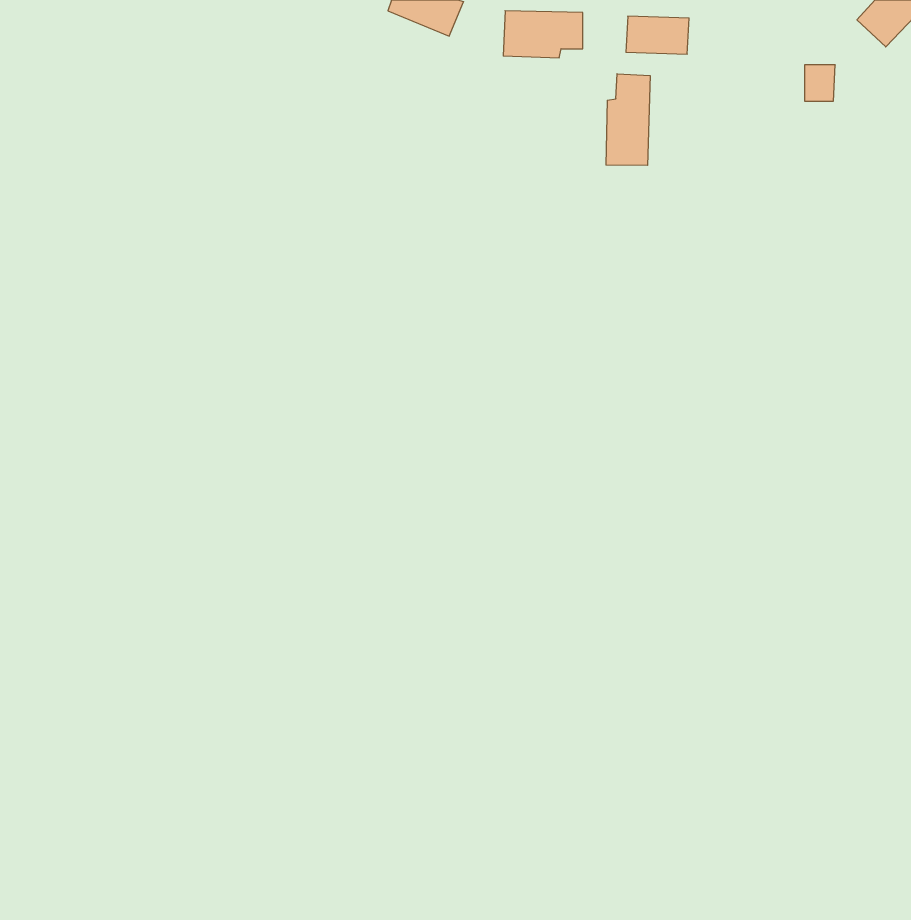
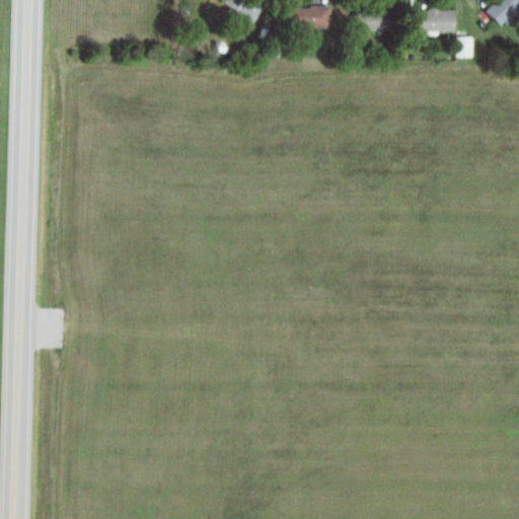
building: none -> [421,10,457,32]
building: [606,74,650,165] -> none

